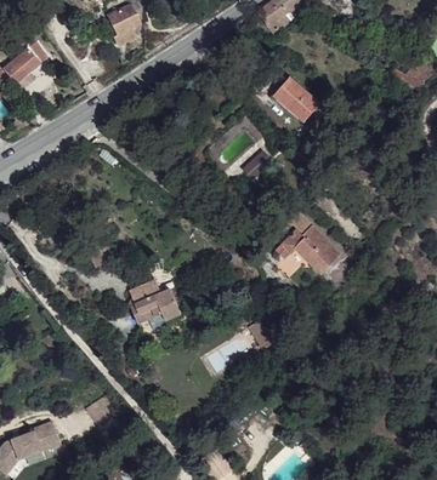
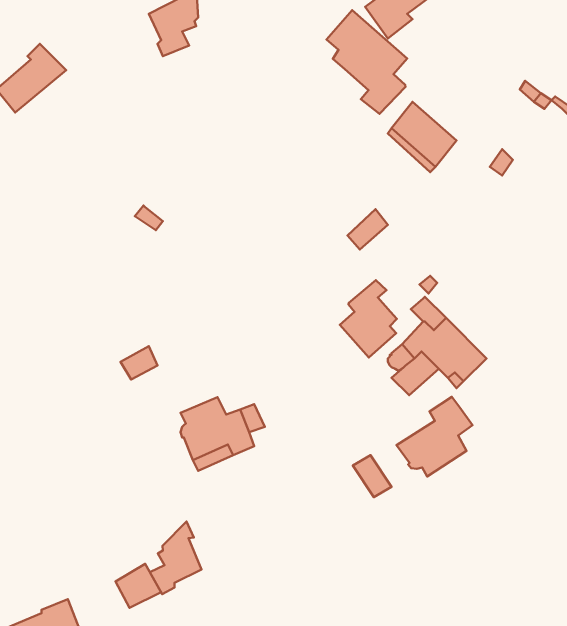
building: none -> [327,10,407,114]
building: none -> [340,280,397,358]
building: none -> [397,397,473,477]
building: none -> [150,521,201,594]

